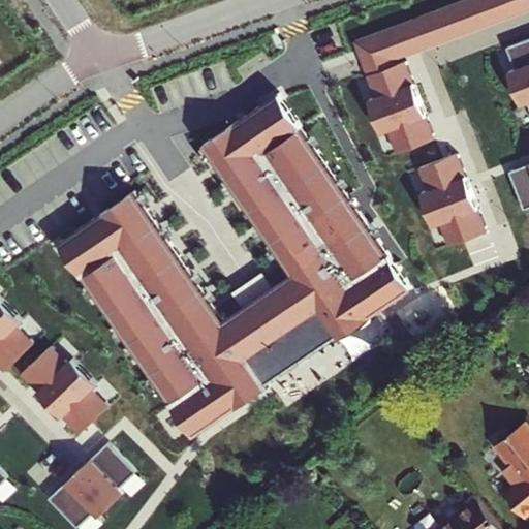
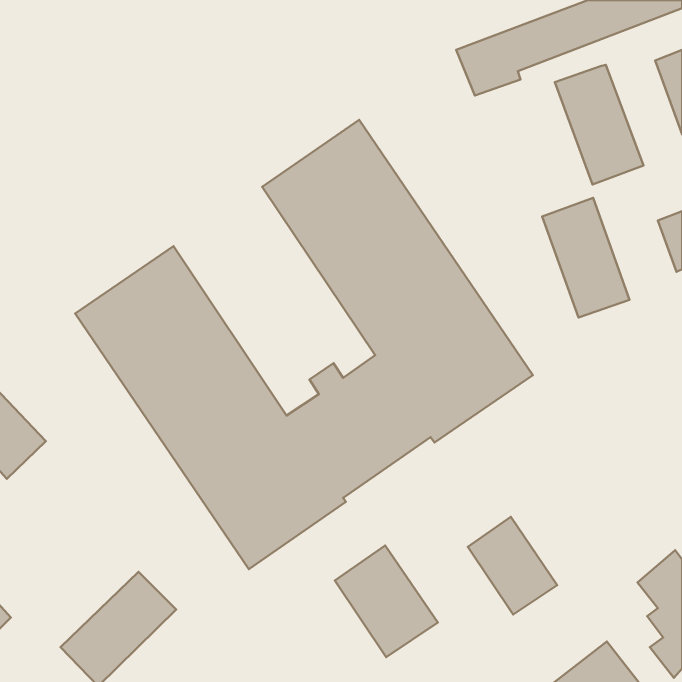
building: [365,64,433,156] -> [555,65,644,184]
building: [19,349,106,438] -> none
building: none -> [468,517,557,614]
building: none -> [335,546,438,657]

